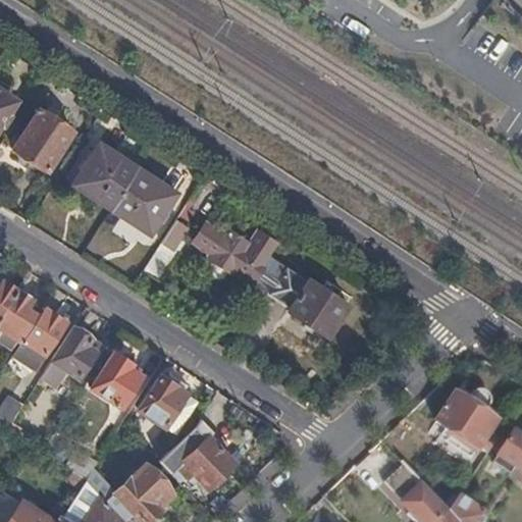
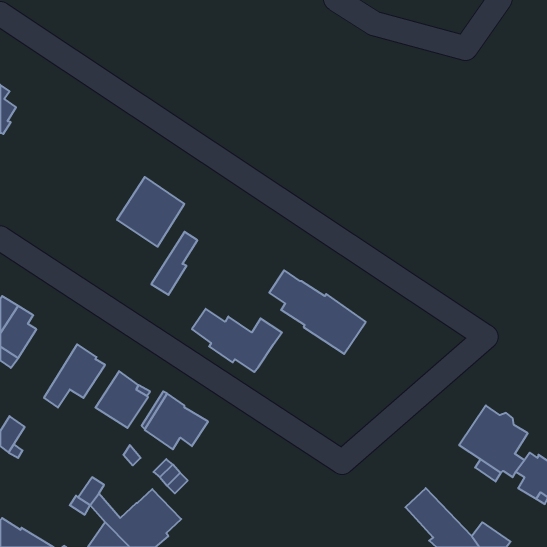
building: [15,109,74,171] -> none
building: [73,144,139,209] -> none
building: [194,223,279,283] -> [192,309,282,372]
building: [12,308,67,371] -> none
building: [177,436,236,488] -> none

